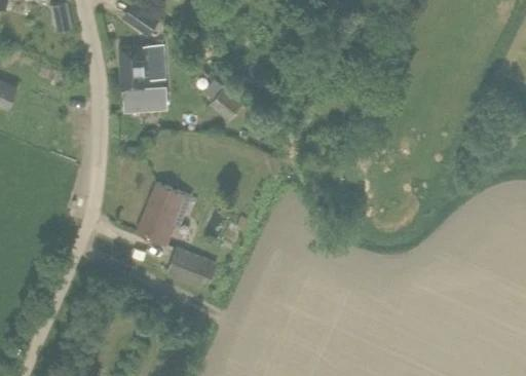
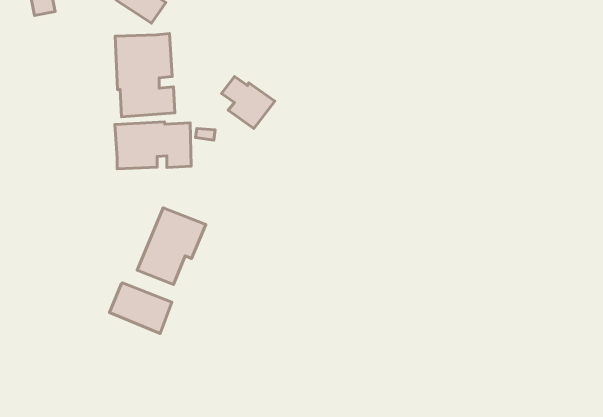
building: none -> [115,122,191,169]
building: [166,248,216,288] -> [110,283,172,333]

